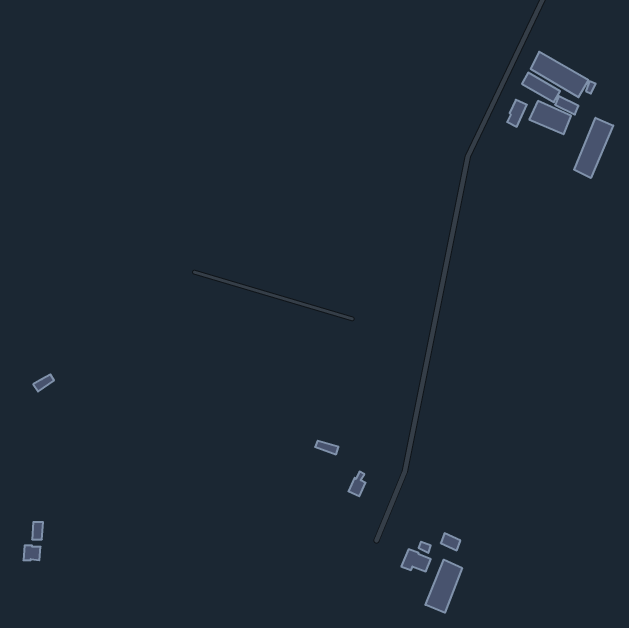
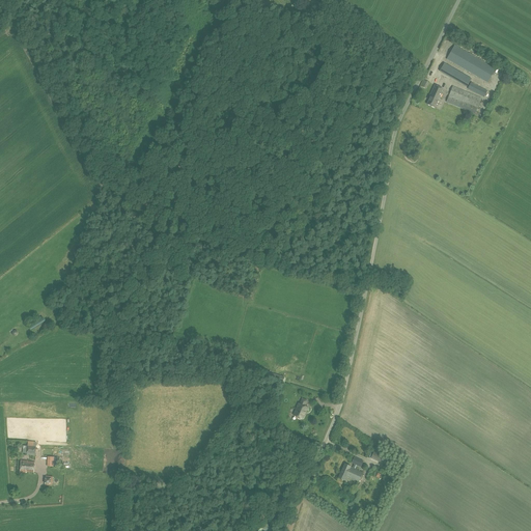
building: [574,118,613,178] -> none
building: [425,560,462,613] -> none

